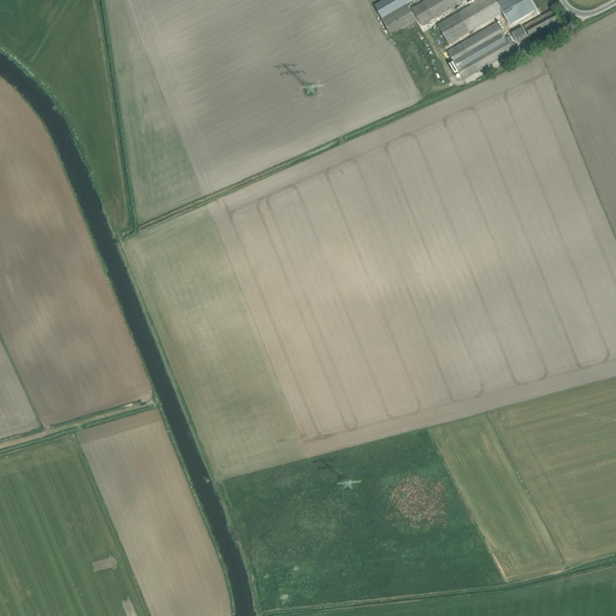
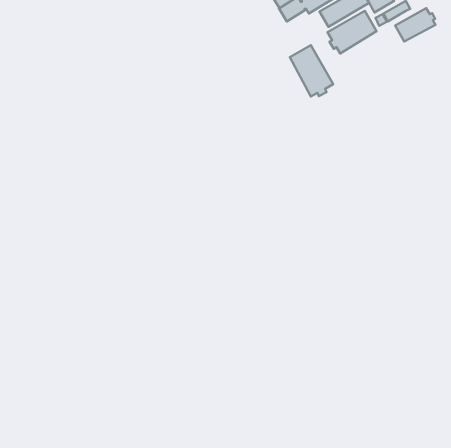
building: none -> [395,8,436,41]
building: none -> [290,45,333,97]

